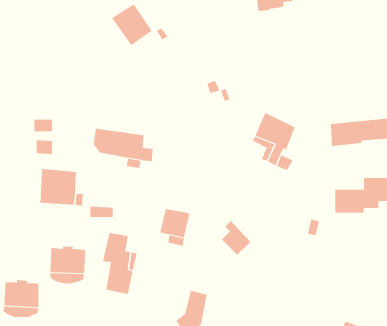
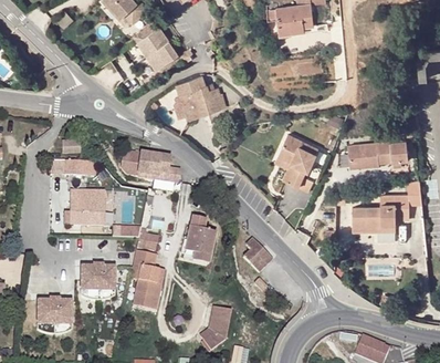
building: none -> [175,76,227,120]

